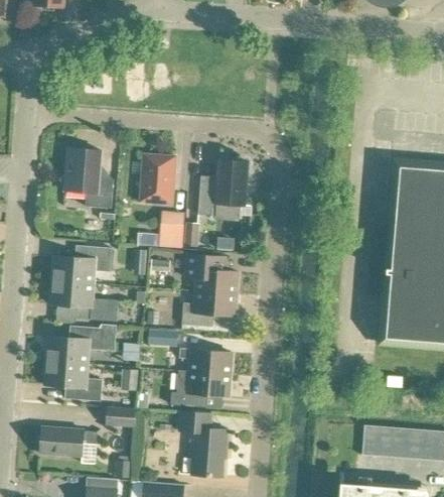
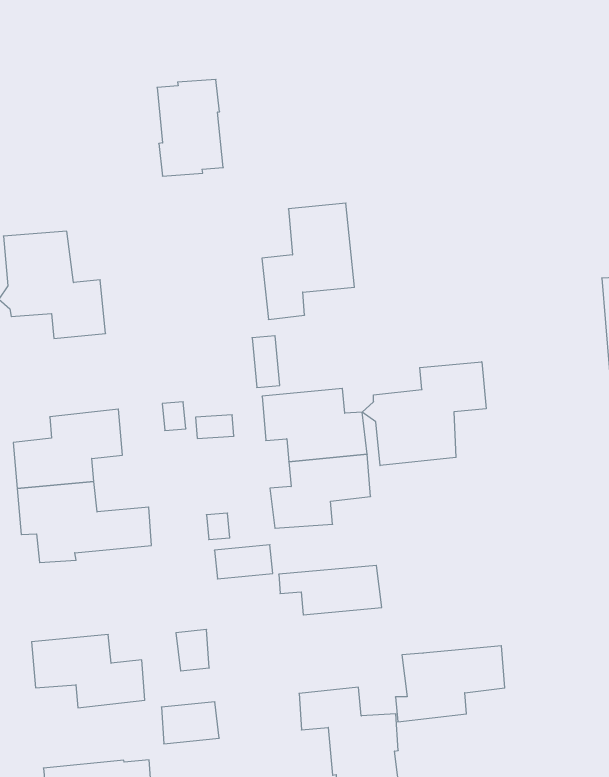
building: [140,154,176,204] -> [157,79,223,176]
building: [154,212,185,249] -> none
building: none -> [362,362,486,466]
building: [47,325,118,364] -> none
building: [171,370,232,406] -> [395,646,505,722]

